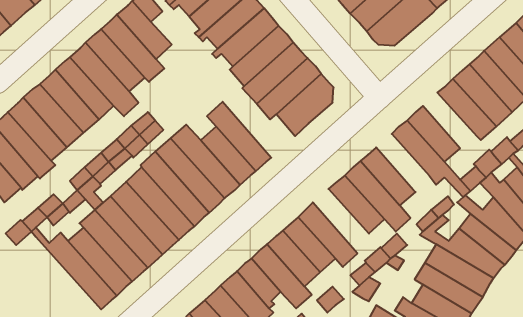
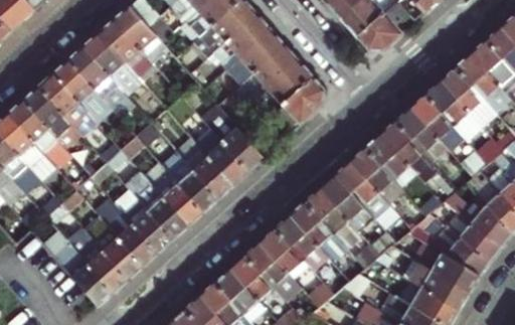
building: none -> [410,95,463,151]
building: none -> [365,135,416,189]
building: none -> [304,188,362,251]

